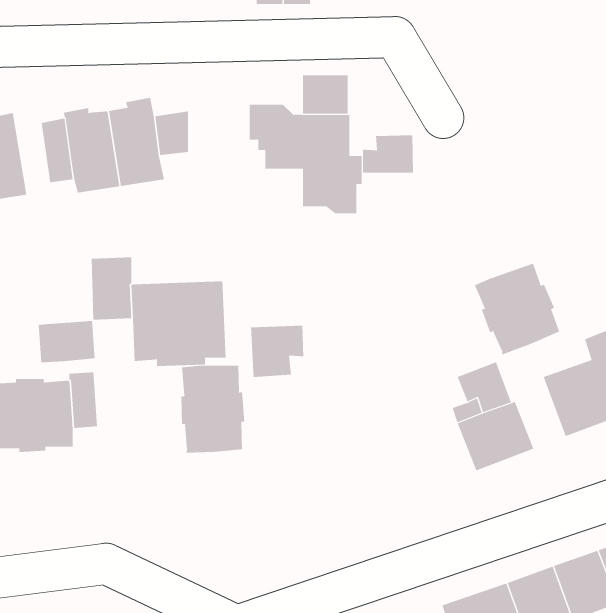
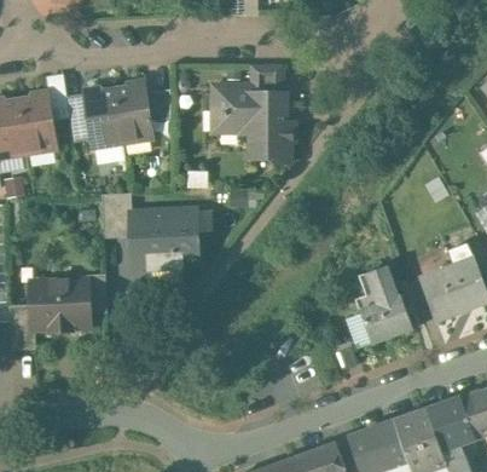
building: [362,135,413,173] -> none
building: [474,263,560,355] -> none
building: [38,320,95,363] -> none
building: [251,325,304,378] -> none
building: [181,365,245,454] -> none

